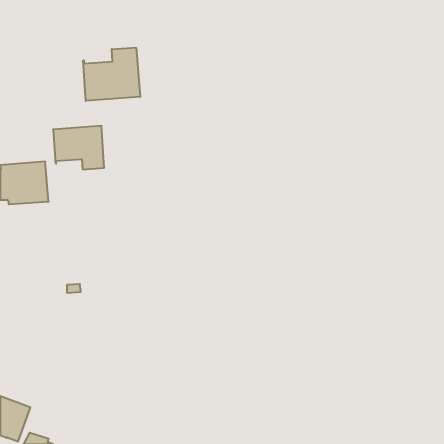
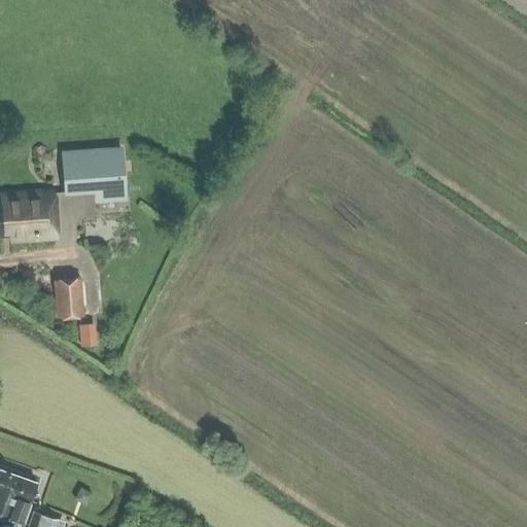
building: [83,48,140,101] -> none
building: none -> [55,279,83,319]

